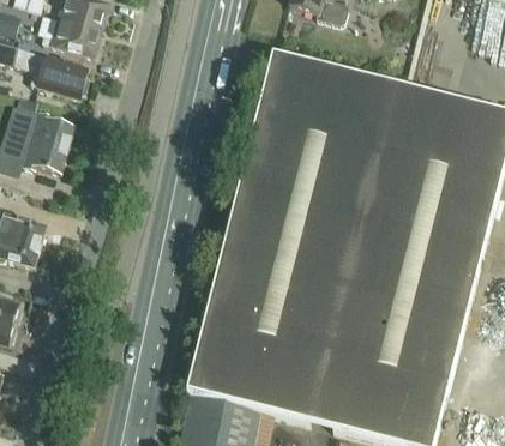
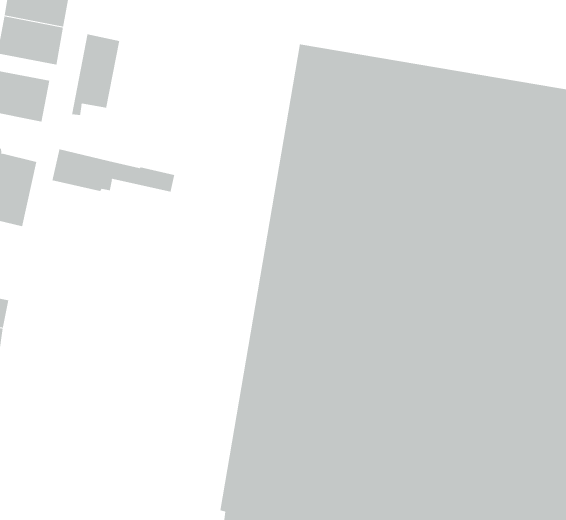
building: none -> [72,34,120,116]
building: none -> [52,149,175,193]

